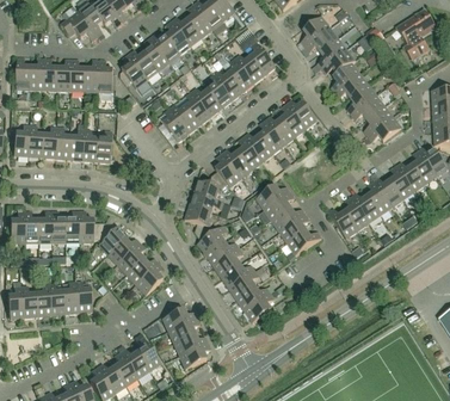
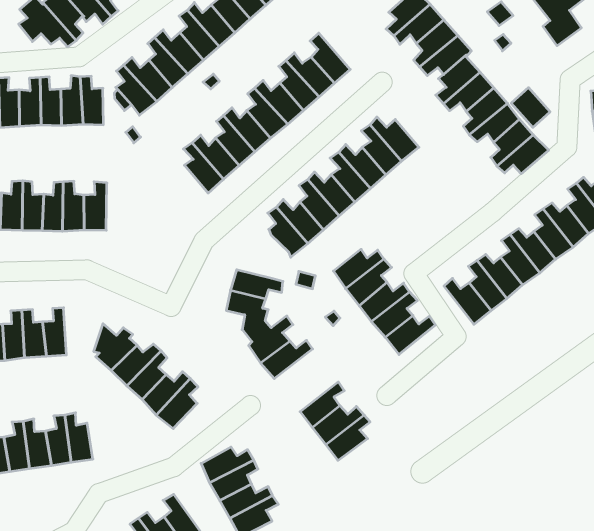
building: [193,171,228,199] -> none
building: [79,209,104,241] -> none
building: [214,247,255,288] -> none

